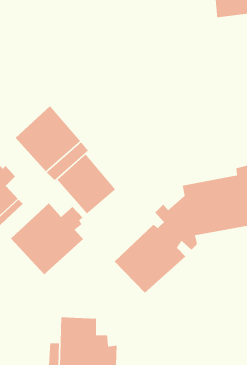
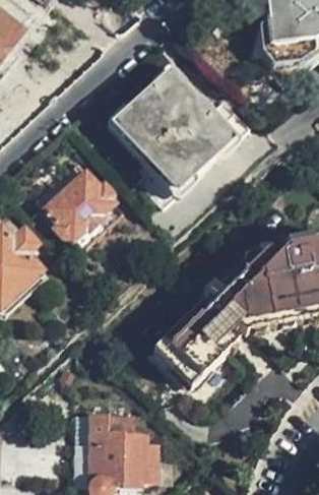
building: none -> [112,74,250,207]
building: [57,153,116,214] -> none
building: [10,203,84,275] -> none

